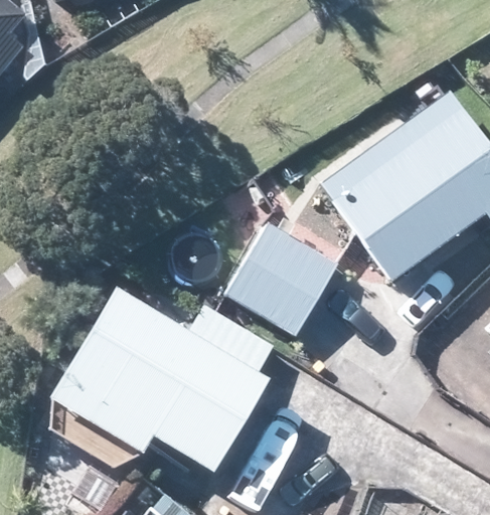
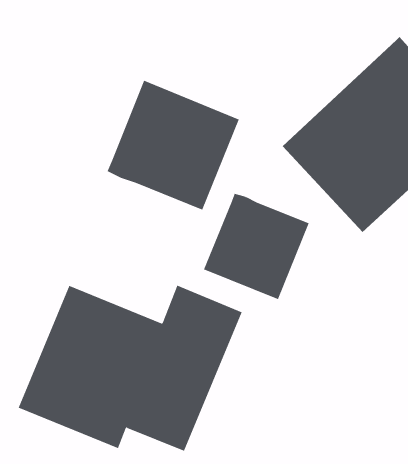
building: none -> [107,80,240,211]

